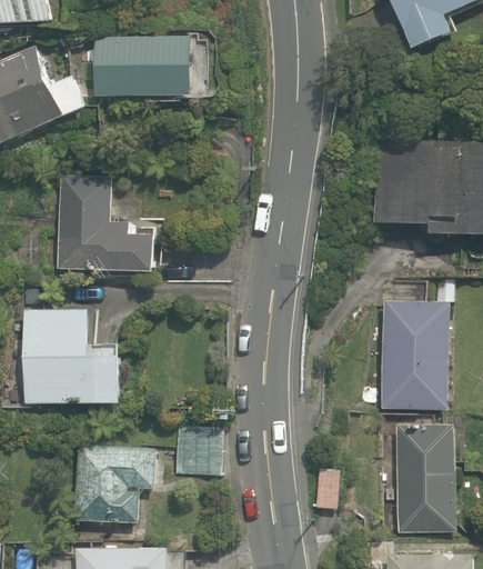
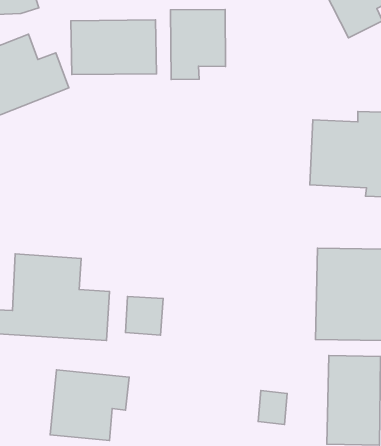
building: none -> [171,9,225,80]
building: [56,173,163,291] -> none
building: [172,428,217,473] -> [126,297,163,335]

